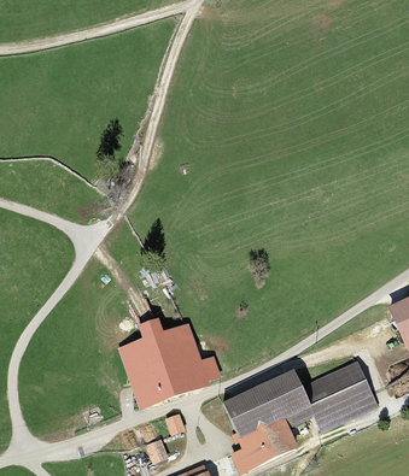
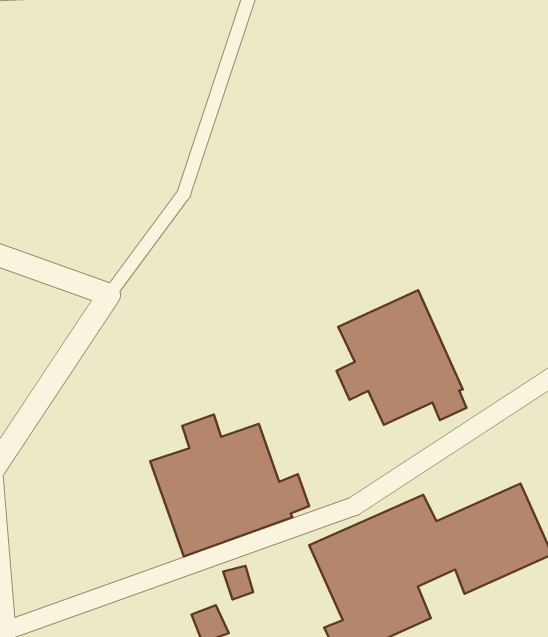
building: none -> [336,290,466,425]

